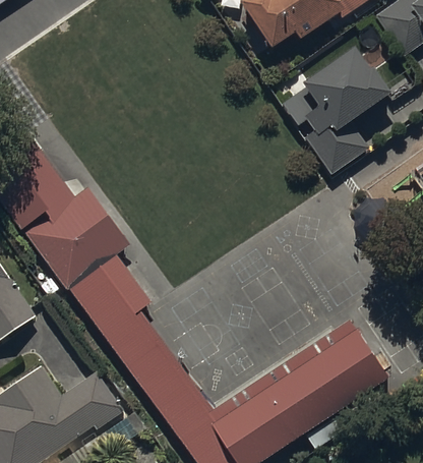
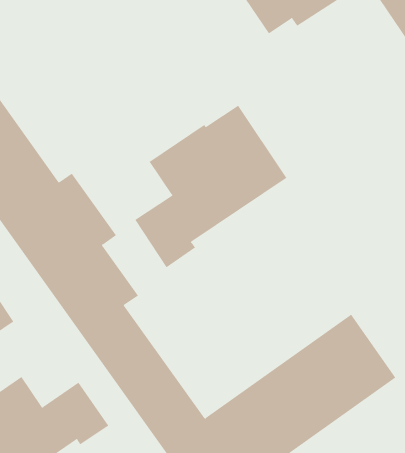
building: [281,54,392,175] -> none
building: none -> [135,105,287,268]

